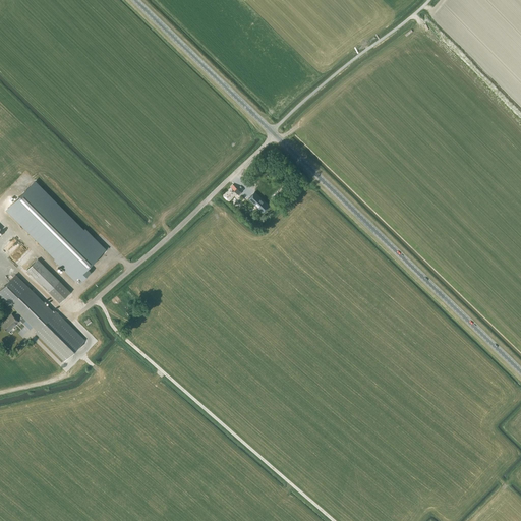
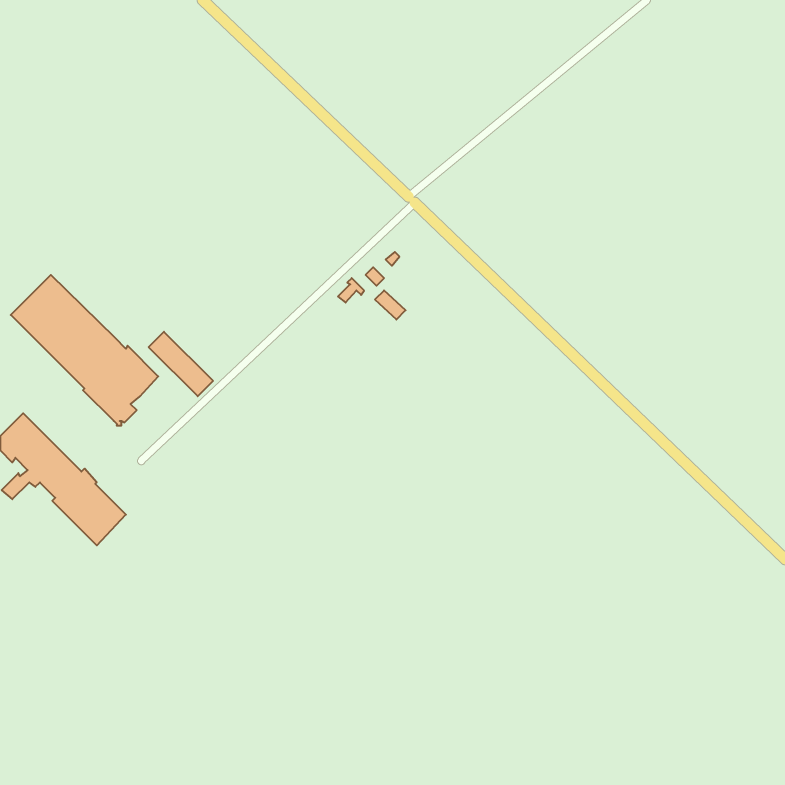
building: [27,259,70,302] -> [149,332,213,396]

